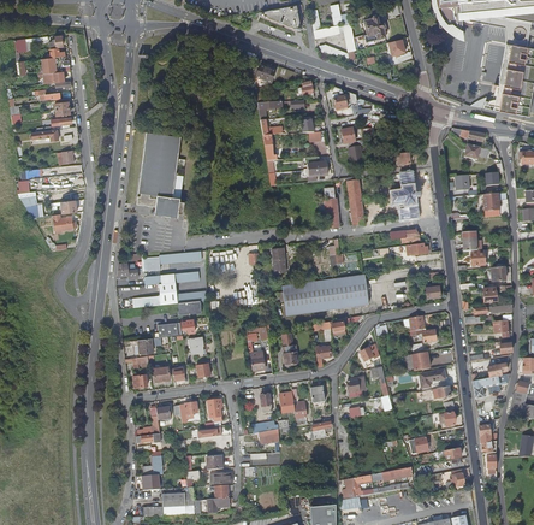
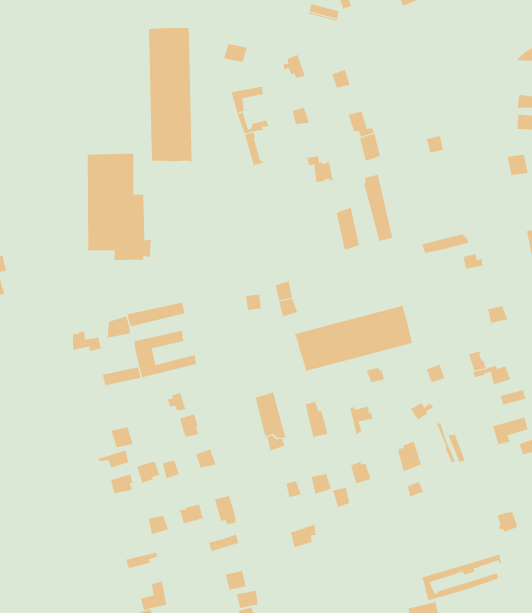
building: none -> [149,27,192,162]
building: [376,172,416,219] -> none

